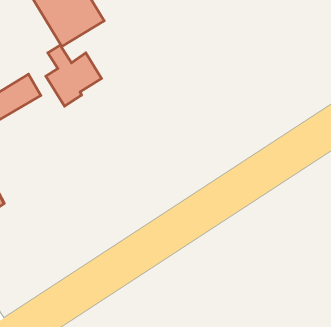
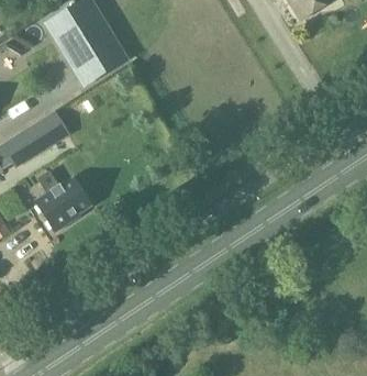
building: [46,45,101,106] -> [35,170,90,231]

